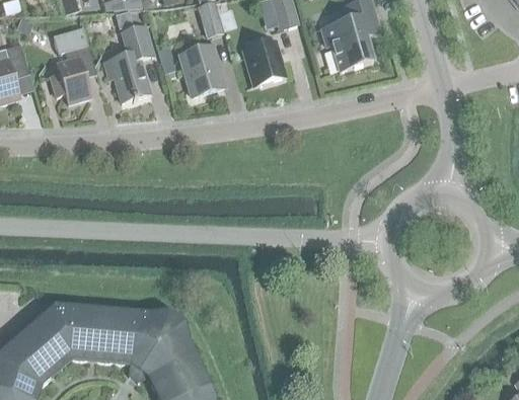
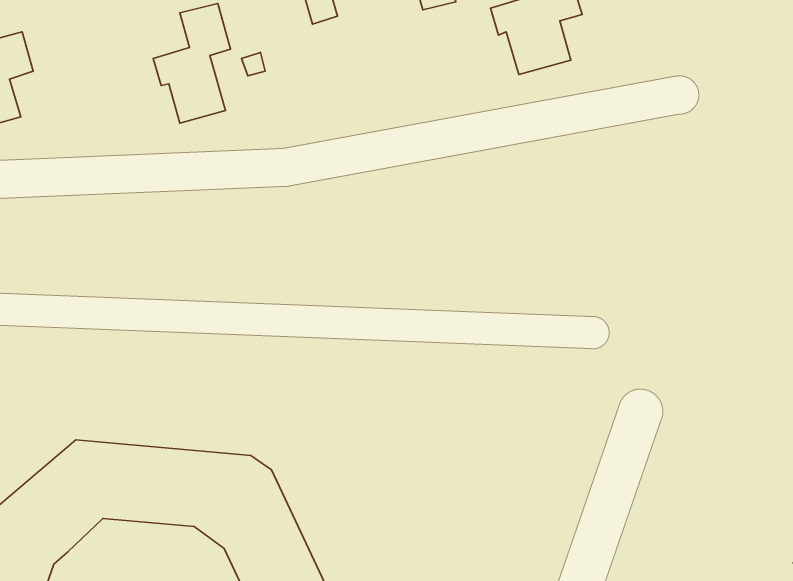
building: [50,26,94,102] -> none
building: [244,41,283,83] -> none
building: [178,46,223,94] -> none

